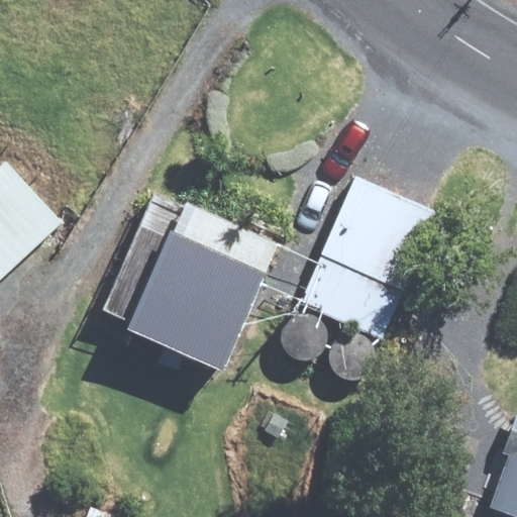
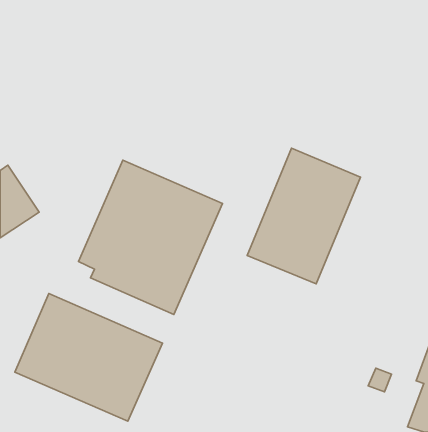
building: none -> [15,293,163,421]

